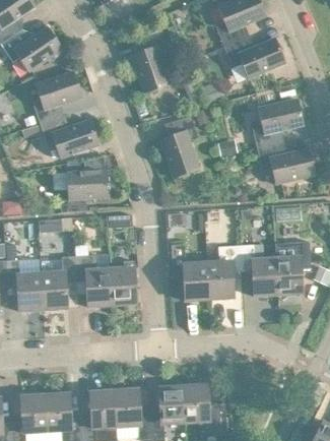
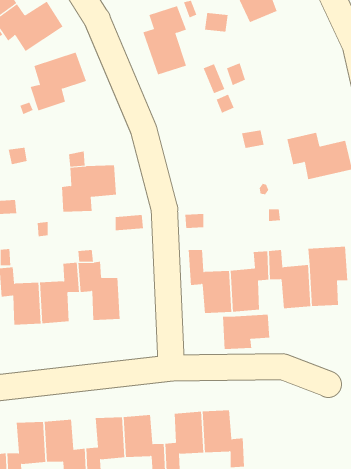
building: [224,36,285,78] -> none
building: [252,99,304,147] -> none
building: [40,115,98,158] -> none
building: [160,115,199,177] -> none
building: [110,266,136,305] -> none
building: none -> [222,314,270,350]

